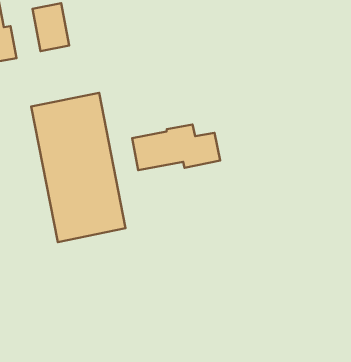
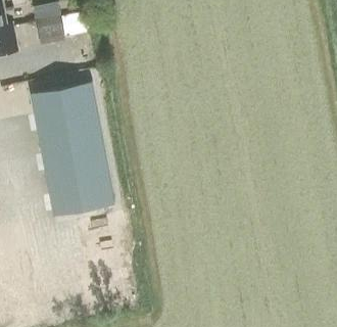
building: [132,124,220,170] -> none

